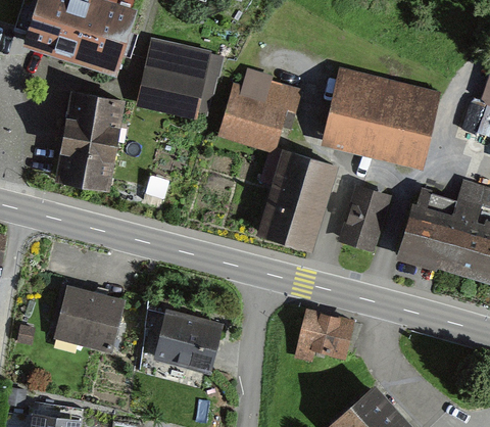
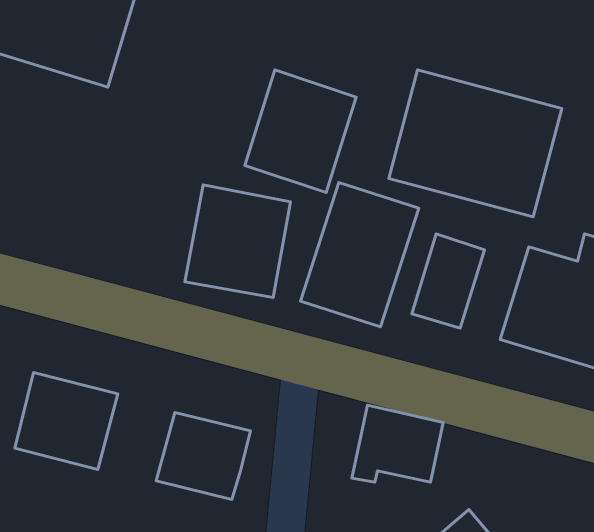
building: [136,38,211,118] -> [185,185,290,297]
building: [54,89,127,191] -> none

